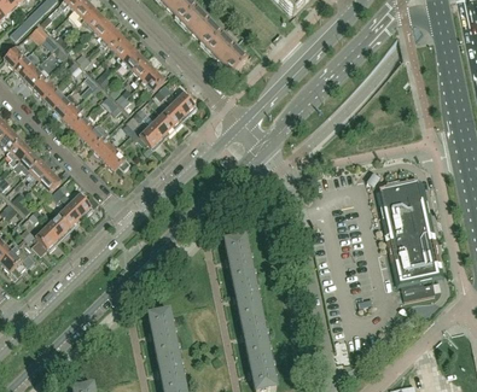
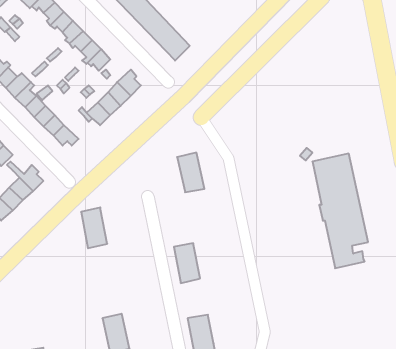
building: [223,234,252,276] -> [177,153,204,192]
building: [149,309,176,352] -> [81,207,107,248]
building: [239,310,268,352] -> none

